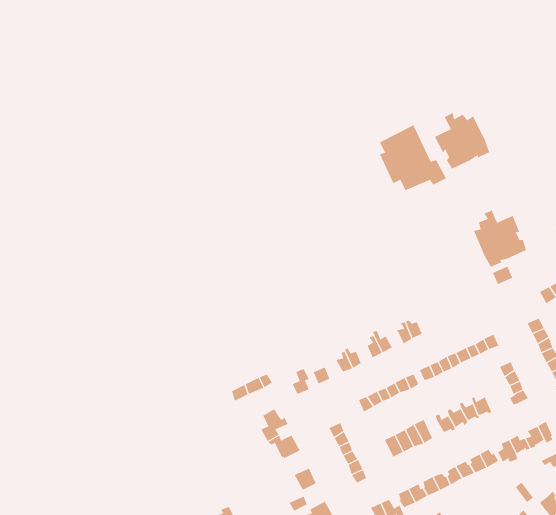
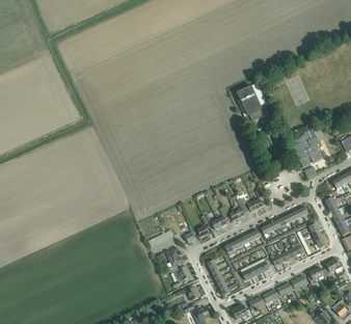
building: [434,112,490,170] -> none

